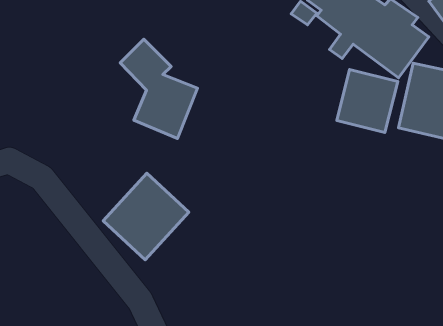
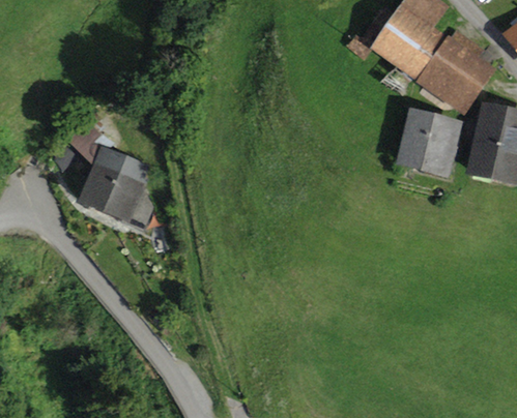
building: [120,39,198,138] -> [64,108,152,220]
building: [103,173,189,260] -> none

